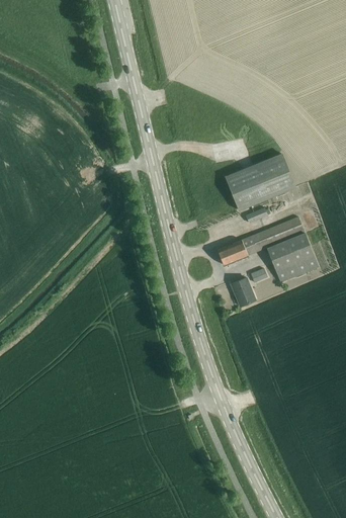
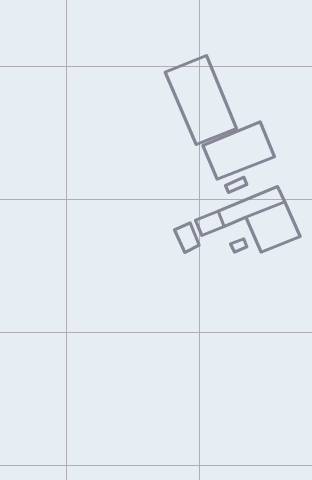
building: none -> [165,55,236,145]
building: [232,277,256,307] -> [175,223,199,252]

